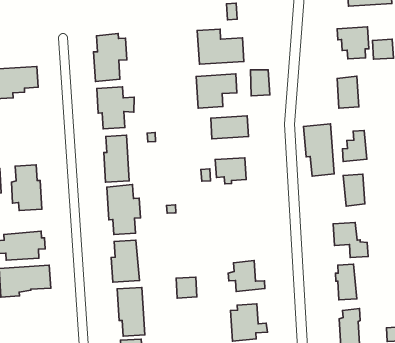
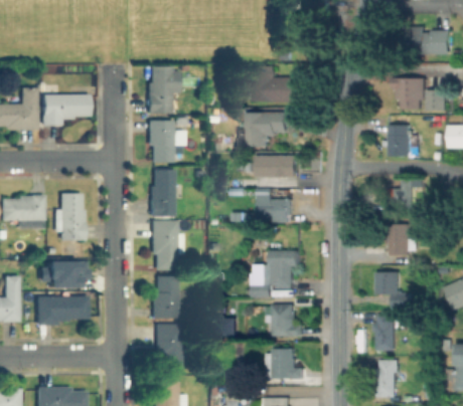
building: [250,70,270,96] -> none
building: [303,124,334,176] -> none
building: none -> [254,251,300,297]

